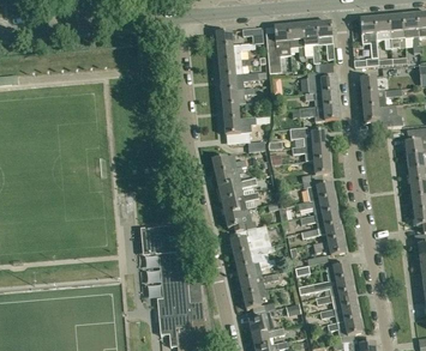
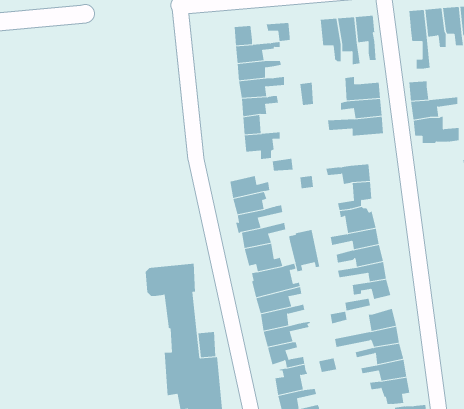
building: [265,25,290,73] -> none
building: [289,126,328,146] -> none
building: none -> [288,229,320,272]

